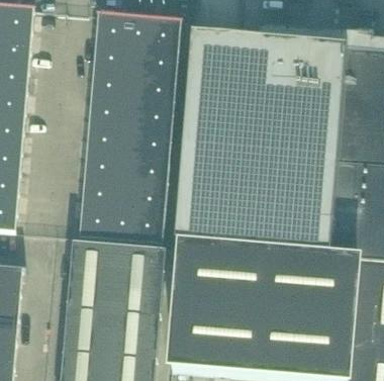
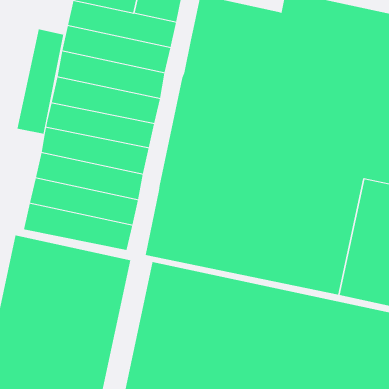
building: none -> [17,28,64,134]

